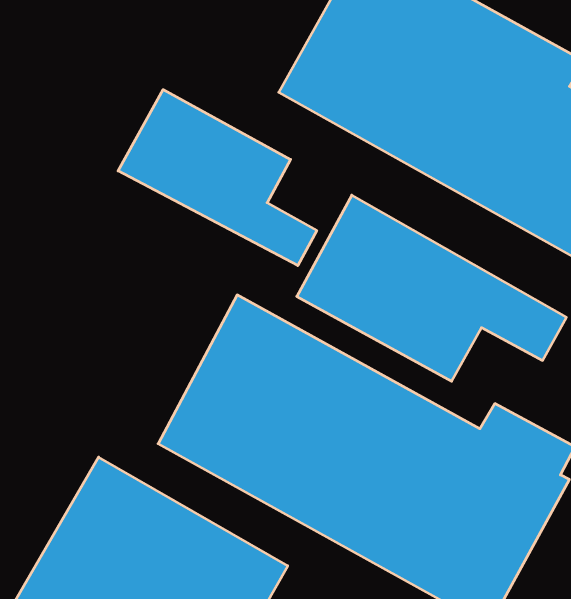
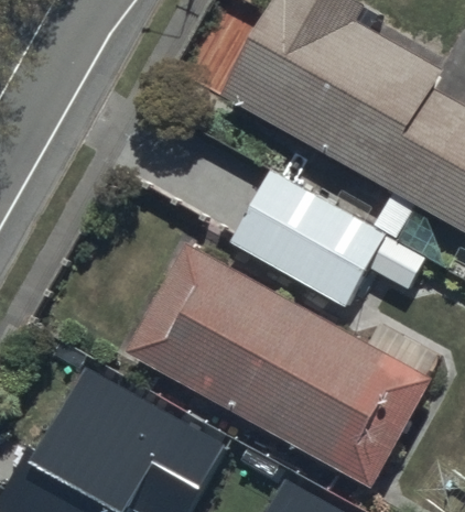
building: [118,90,317,266] -> none

